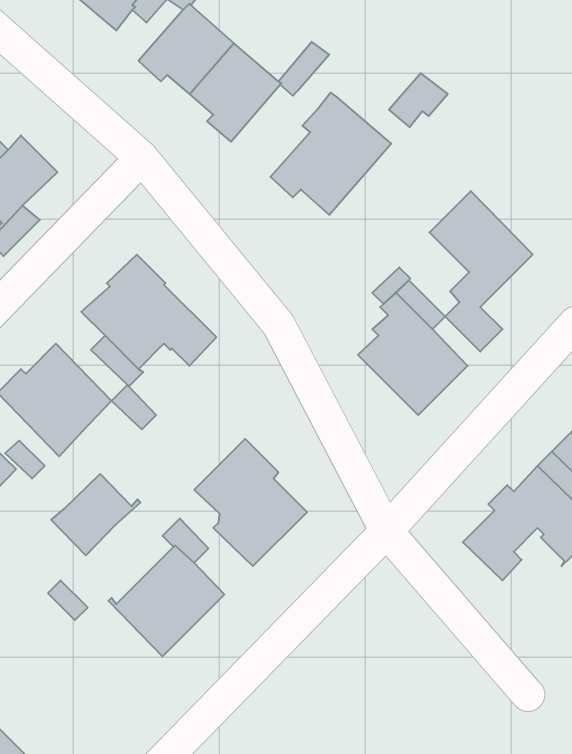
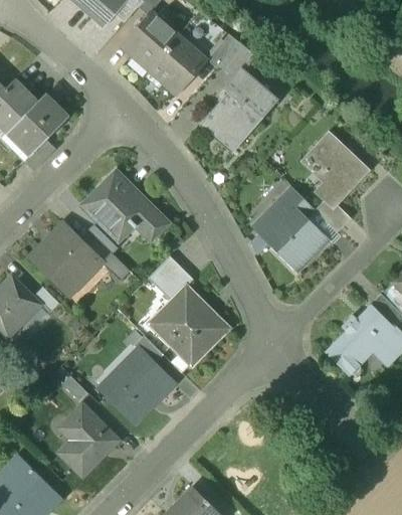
building: [389,73,448,127] -> [219,42,256,76]
building: none -> [148,255,193,301]
building: [51,474,140,555] -> none
building: none -> [58,403,118,475]

